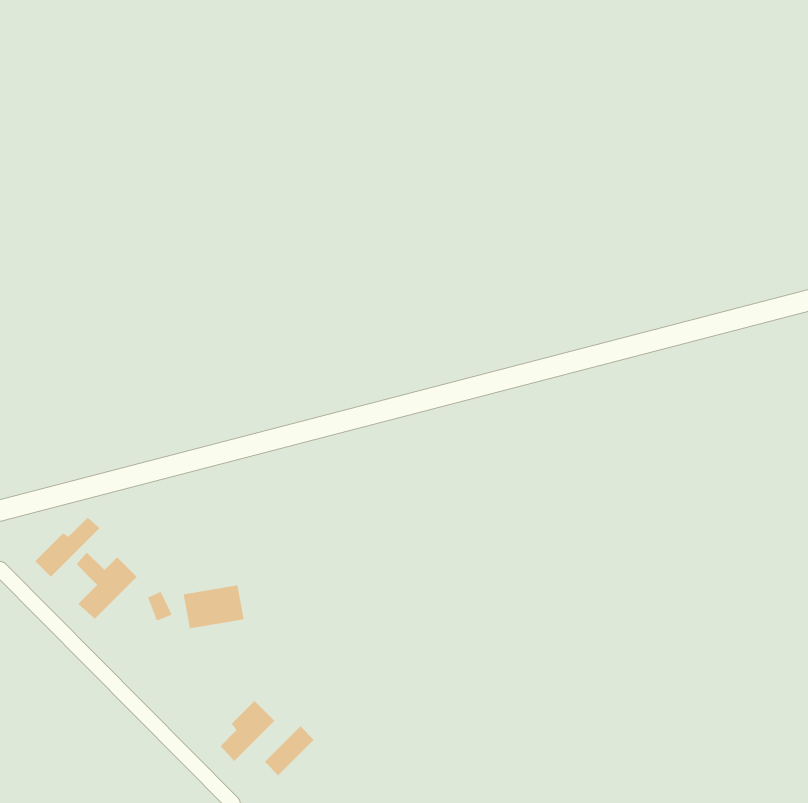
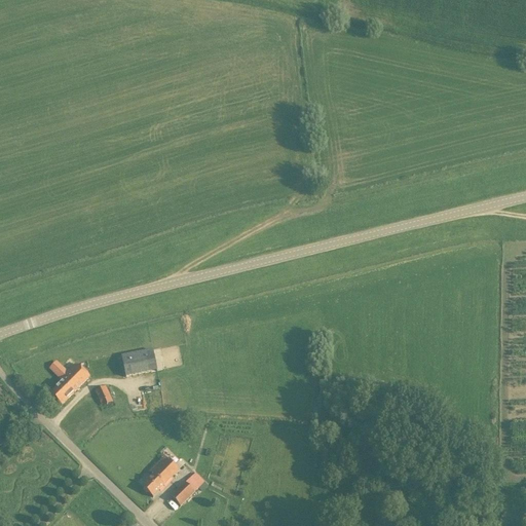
building: [35,517,101,577] -> none
building: [183,585,244,629] -> [122,345,162,374]

